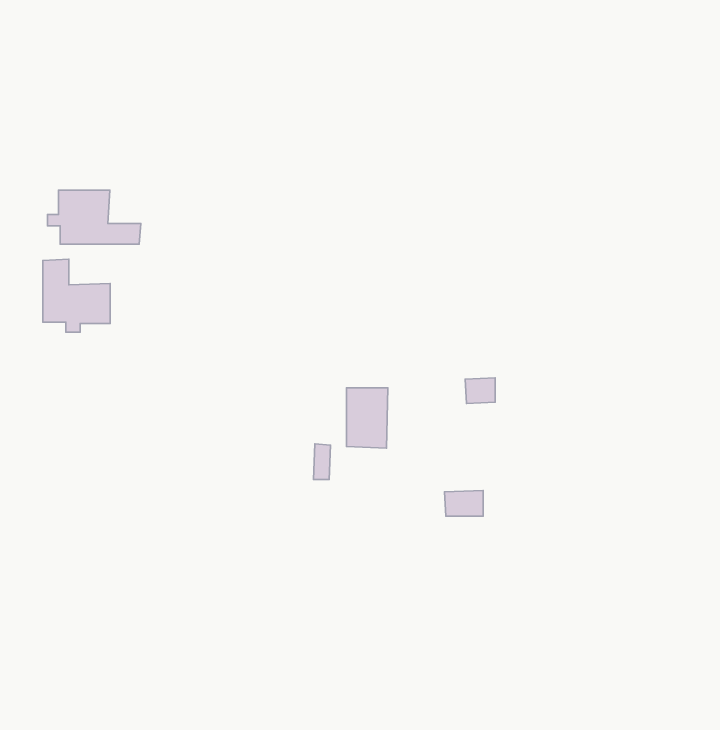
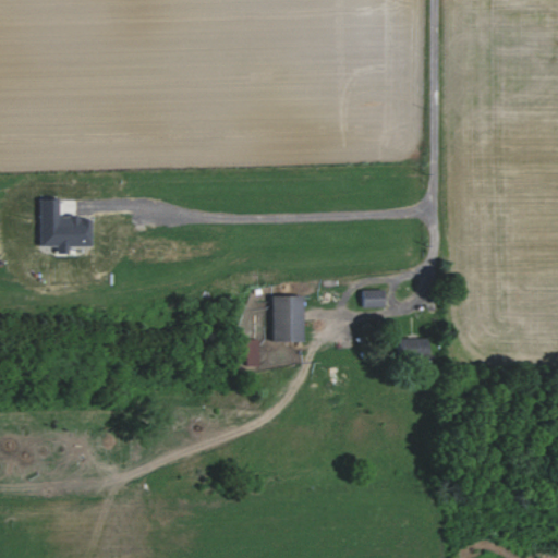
building: [47,190,141,244] -> none
building: [445,490,483,516] -> [398,338,427,357]

